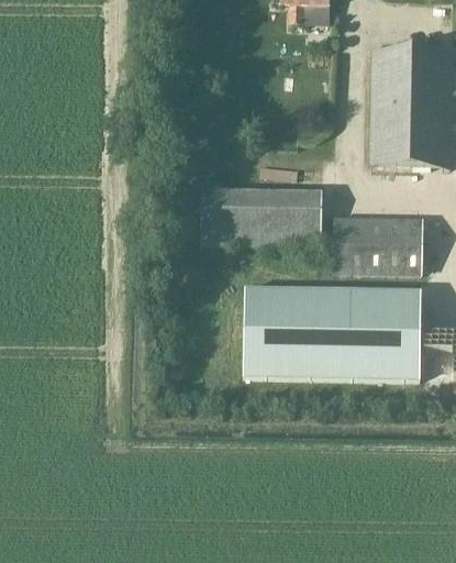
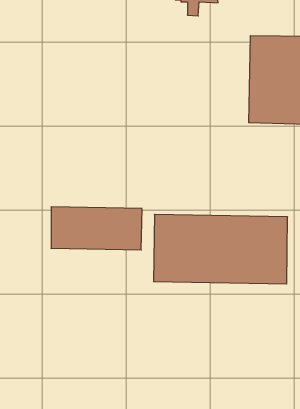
building: [201,187,322,244] -> [51,207,142,250]
building: [333,213,424,273] -> none

